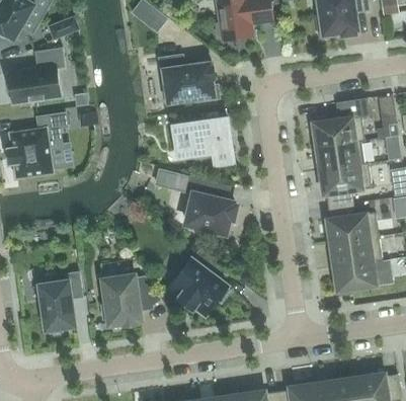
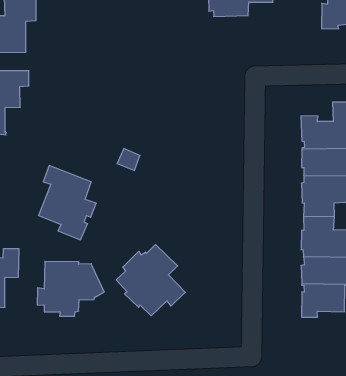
building: [157,54,218,101] -> none
building: [171,117,233,164] -> none
building: [185,177,235,239] -> [38,166,96,240]

